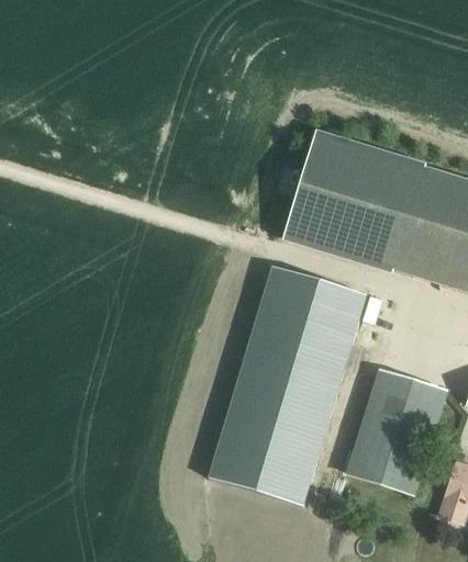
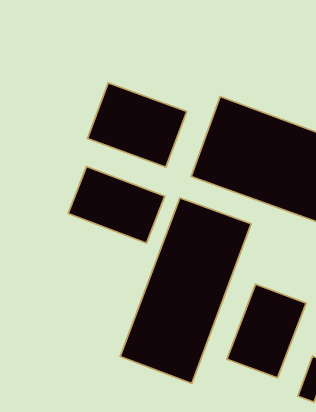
building: none -> [87,83,187,167]
building: none -> [68,167,165,243]

